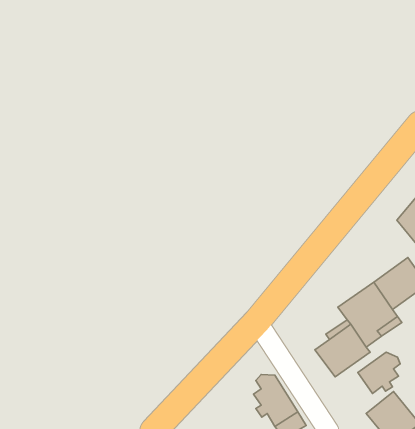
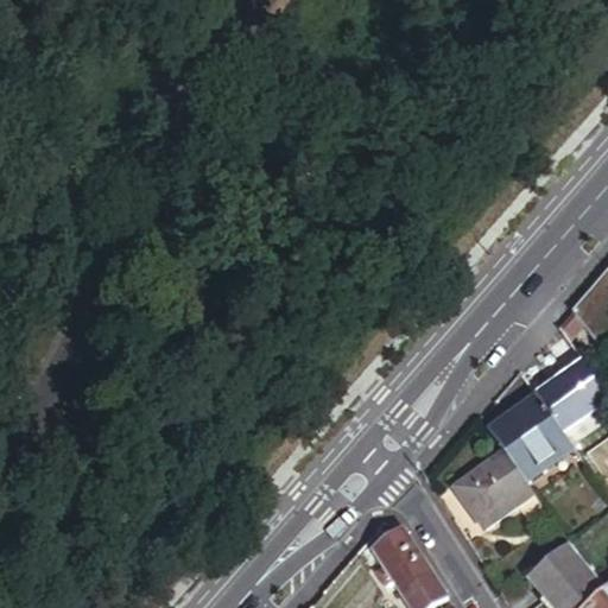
building: [358,352,400,394] -> none

